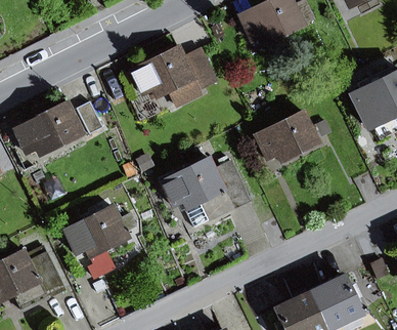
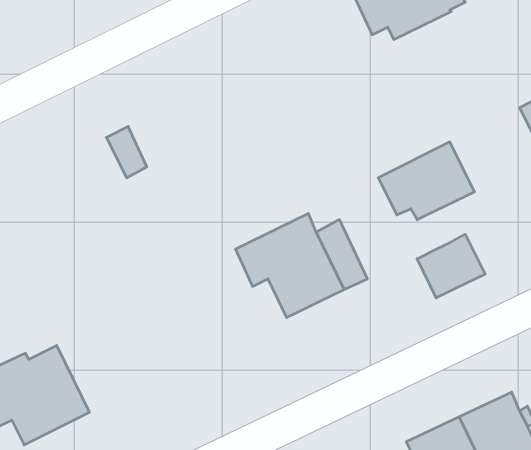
building: [131,46,215,105] -> none
building: [14,101,83,155] -> none
building: none -> [417,234,485,298]
building: [64,206,137,256] -> none

